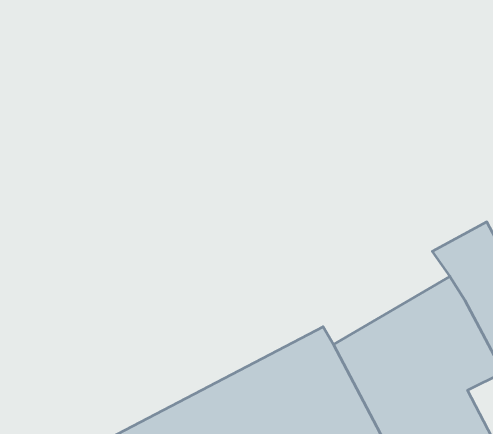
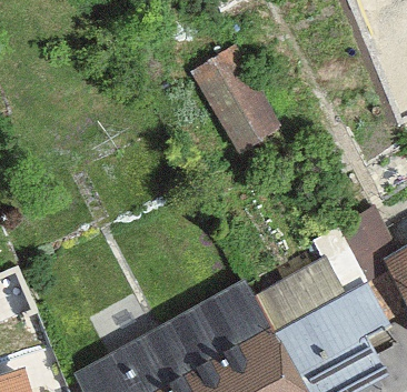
building: none -> [191,47,284,152]

